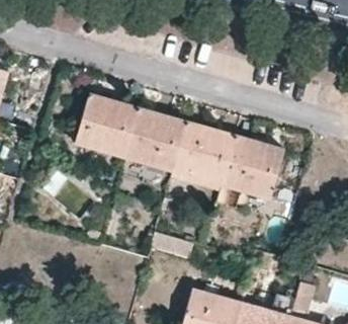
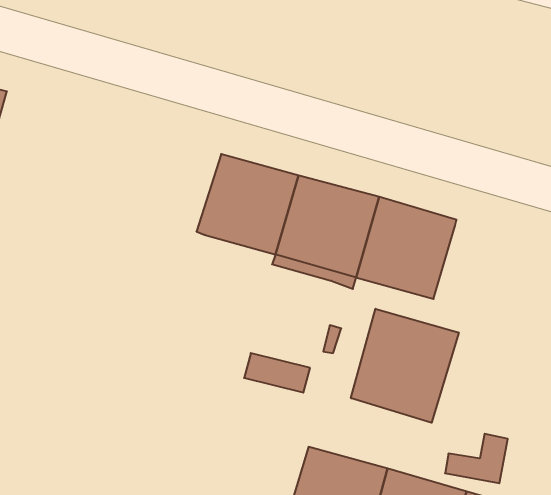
building: [75,94,139,156] -> none
building: none -> [351,309,459,423]

